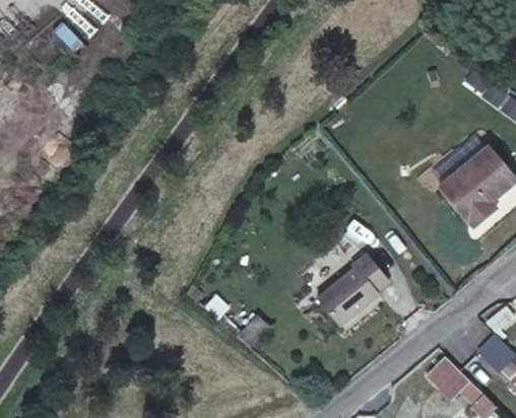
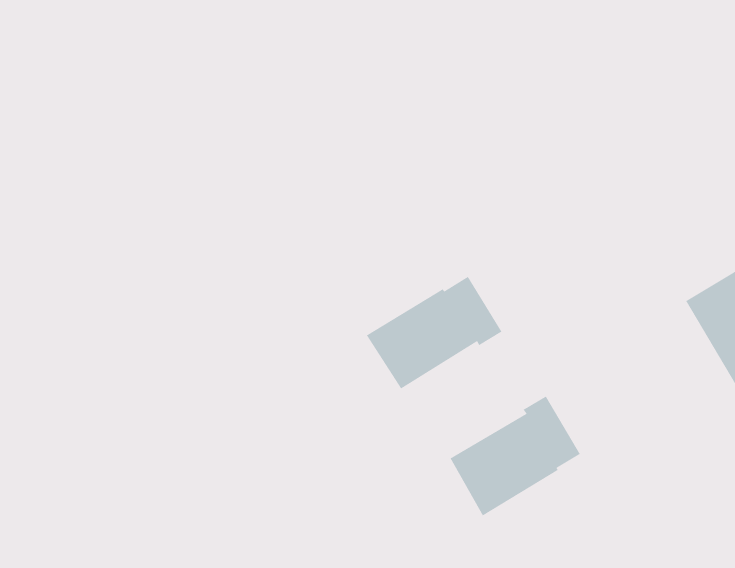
building: none -> [366,276,502,390]

